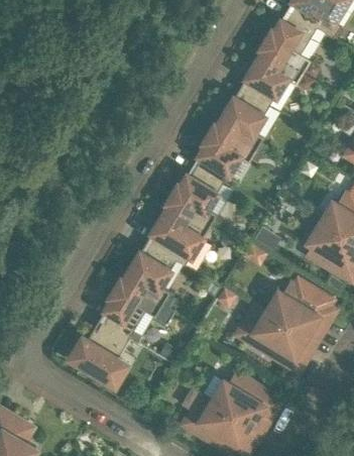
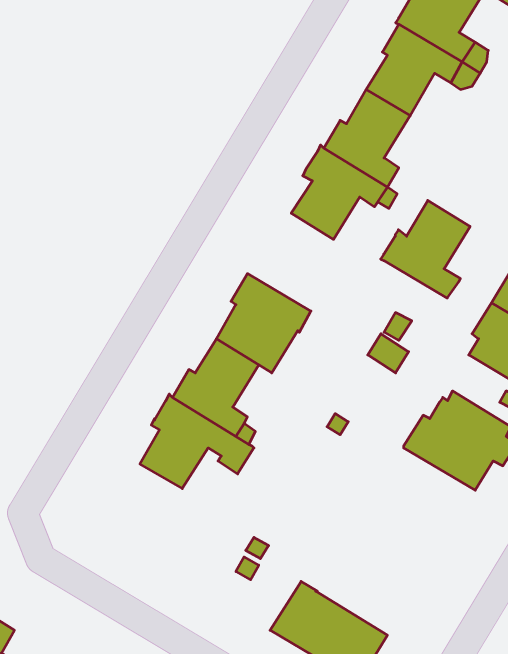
building: [166,164,222,225] -> [381,200,470,298]
building: [237,303,310,369] -> none
building: [69,320,128,382] -> none
building: [211,371,279,426] -> none

